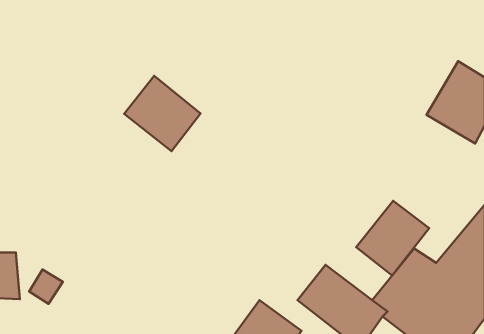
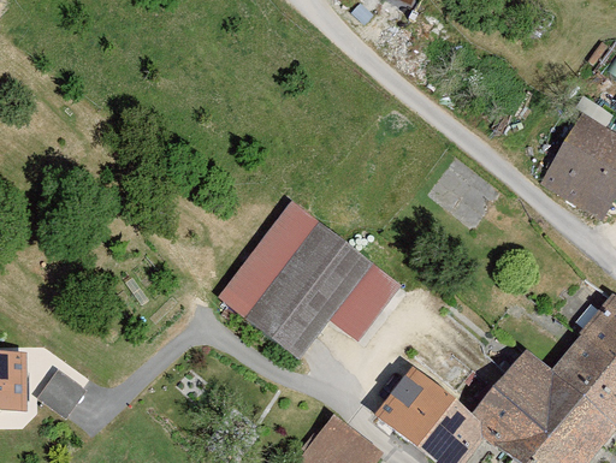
building: [124,76,200,151] -> none
building: none -> [218,207,402,357]
building: [356,201,429,276] -> none

